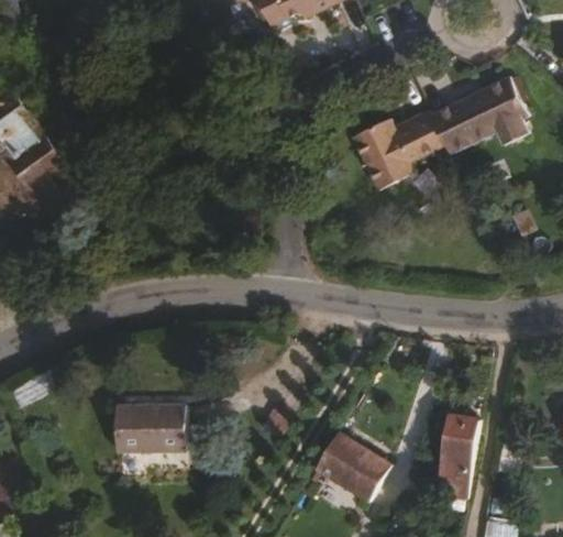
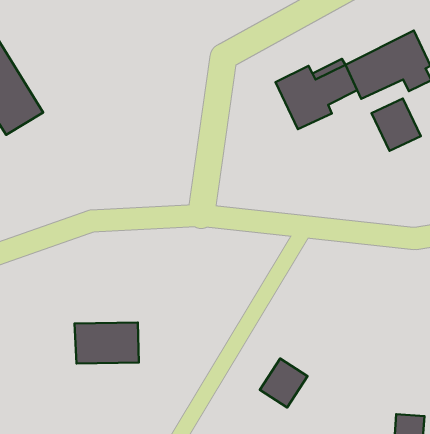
building: none -> [372,99,421,151]
building: [440,415,476,501] -> none
building: [308,436,352,484] -> none

